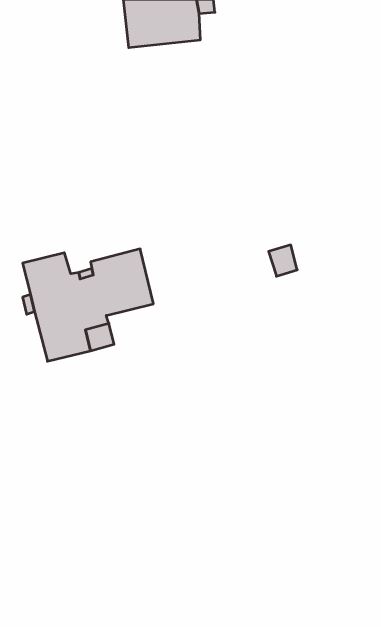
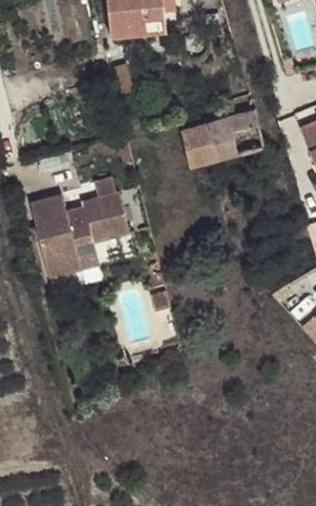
building: none -> [180,109,264,167]

